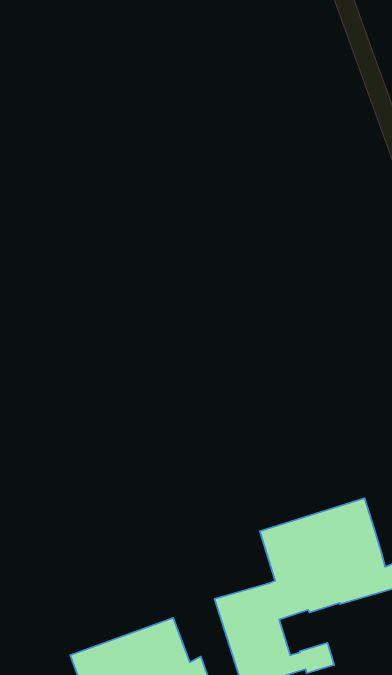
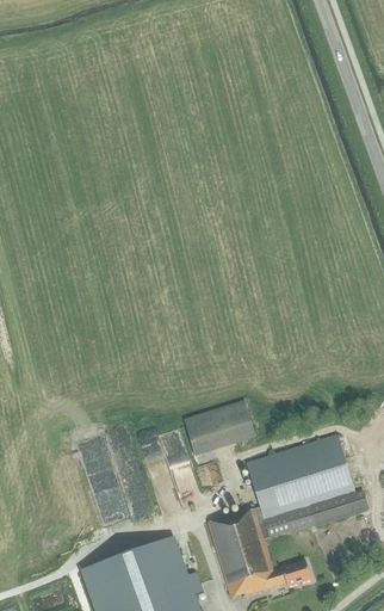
building: none -> [182,401,254,455]

